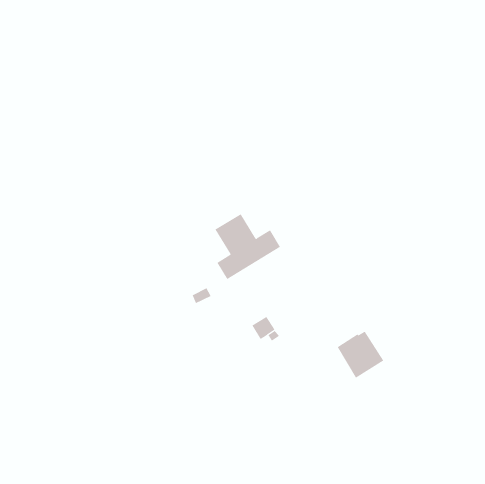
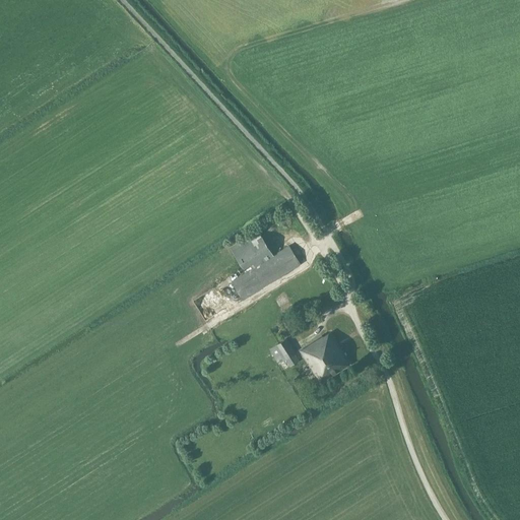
building: [337,331,384,378] -> [300,332,350,383]

